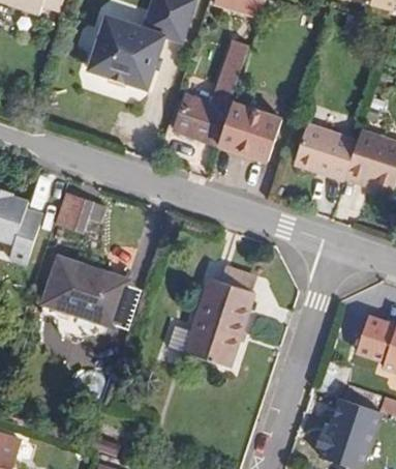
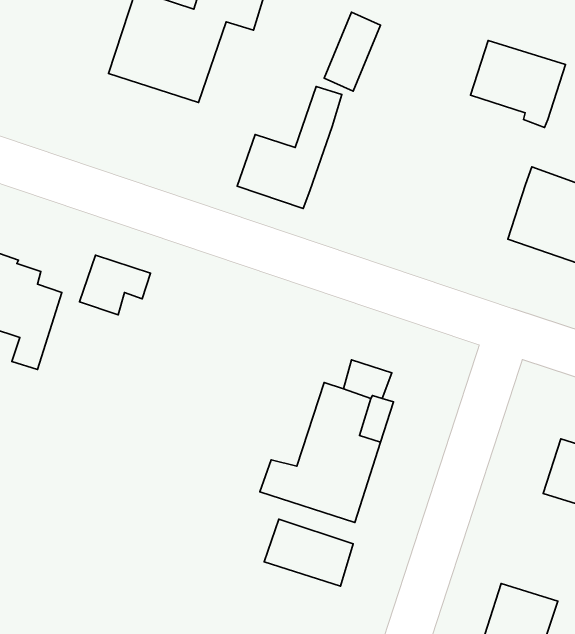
building: [208,109,271,168] -> none
building: [285,130,346,186] -> [470,40,565,127]
building: [50,255,132,322] -> none
building: none -> [264,519,353,586]

